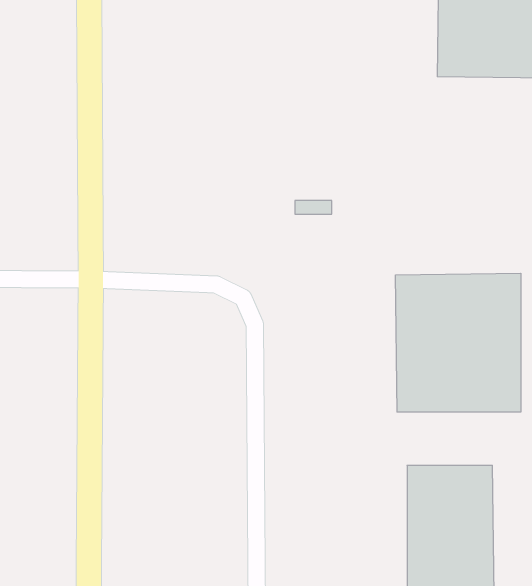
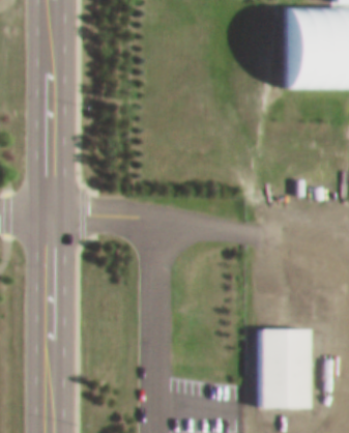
building: [396,273,521,412] -> none

